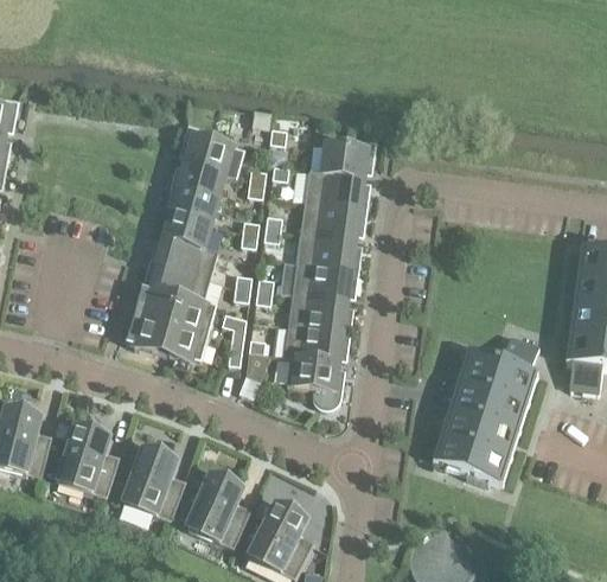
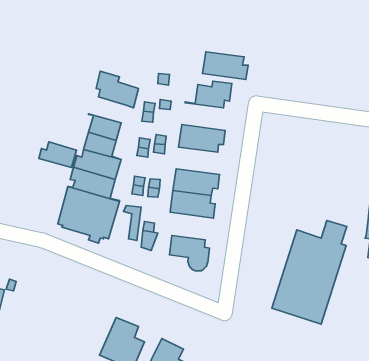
building: [172,160,225,197] -> [39,142,76,168]
building: [305,168,370,207] -> [202,52,248,80]
building: [296,231,360,270] -> none
building: [283,324,350,363] -> none
building: [59,424,120,495] -> none
building: [123,447,186,519] -> none

